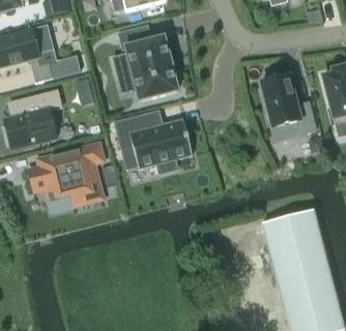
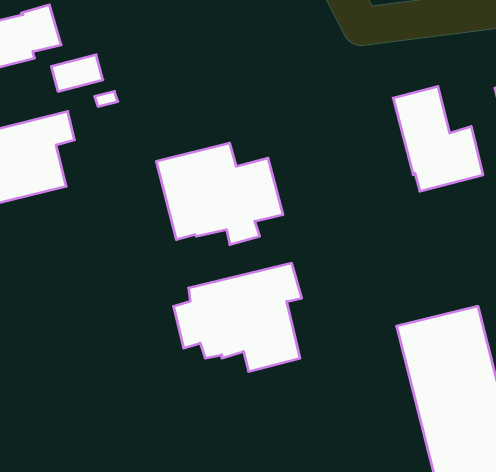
building: [112,26,178,100] -> none
building: [27,141,107,208] -> [173,263,302,371]

